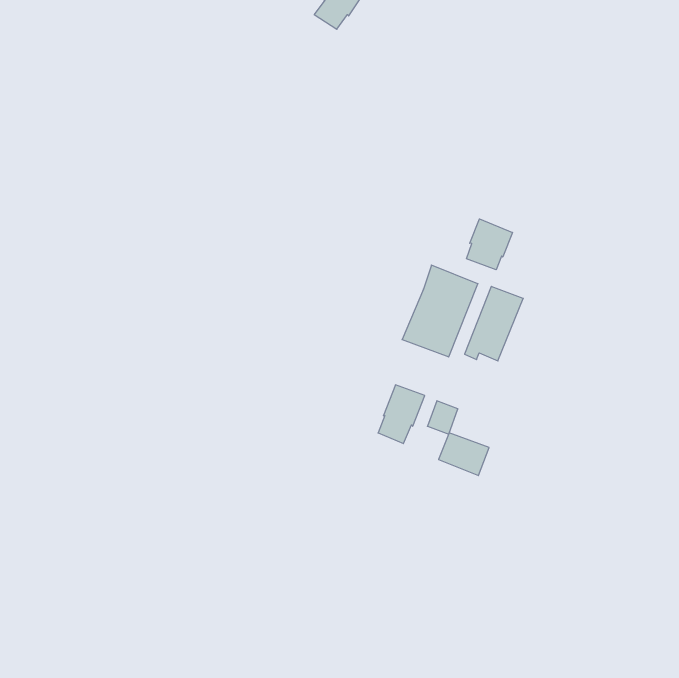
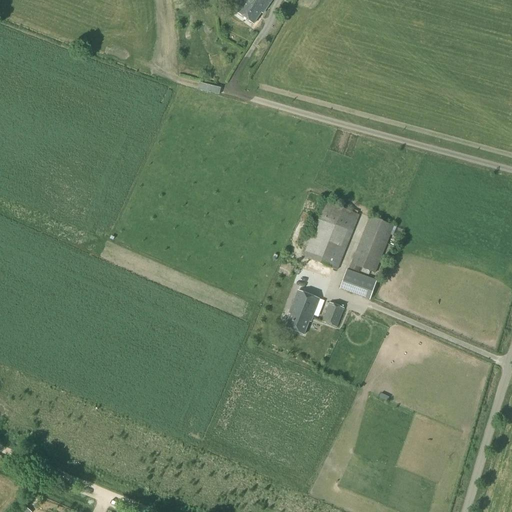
building: [467,219,512,270] -> none
building: [439,433,489,476] -> [340,267,378,299]

